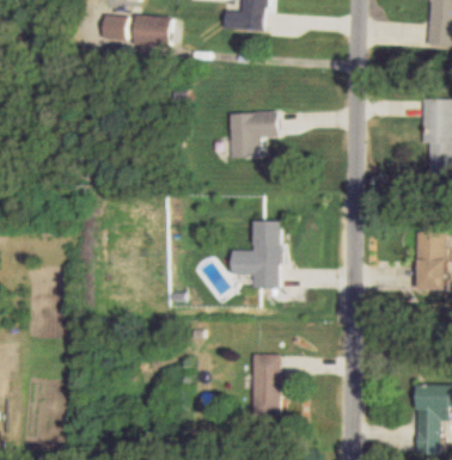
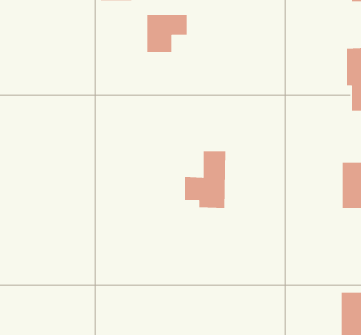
building: [231,112,279,158] -> [147,14,188,53]
building: [251,354,280,416] -> none

